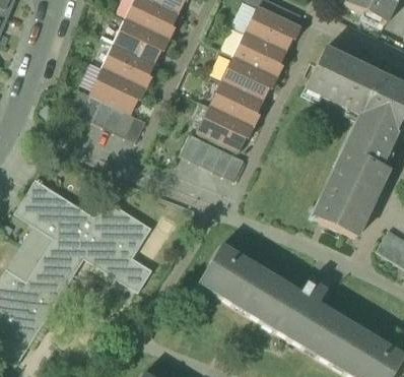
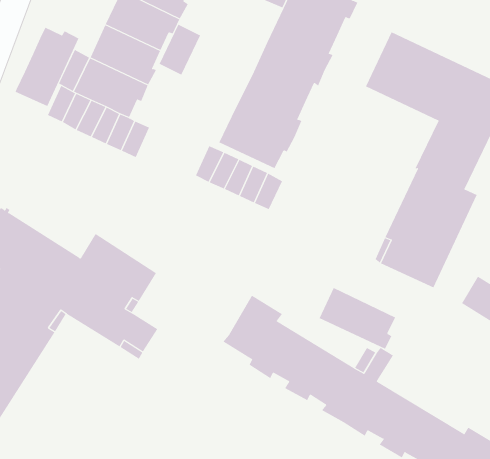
building: none -> [159,24,201,76]
building: none -> [15,27,79,107]
building: none -> [319,287,396,349]

